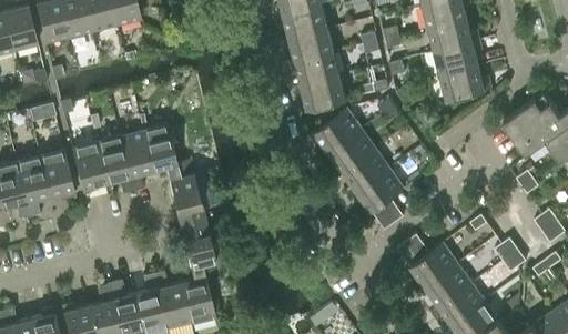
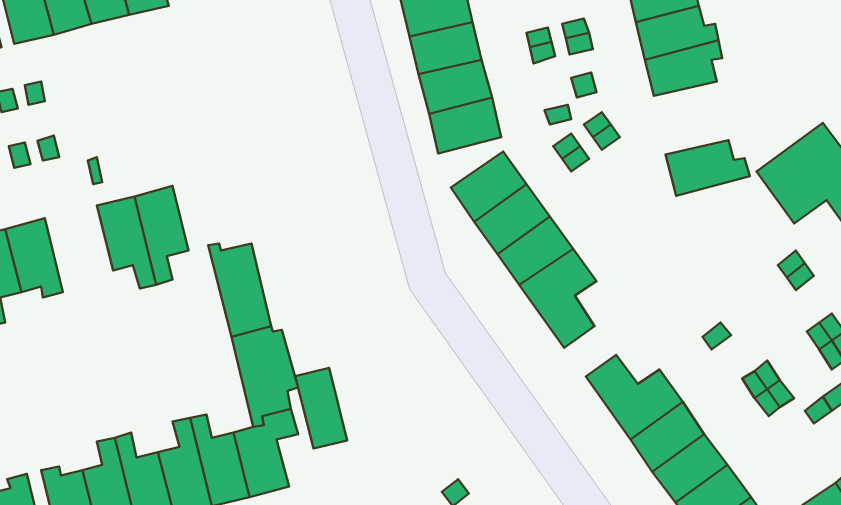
building: [439,65,491,100] -> [665,140,750,196]
building: [142,124,191,170] -> none
building: [71,142,105,193] -> none
building: none -> [295,368,347,449]

